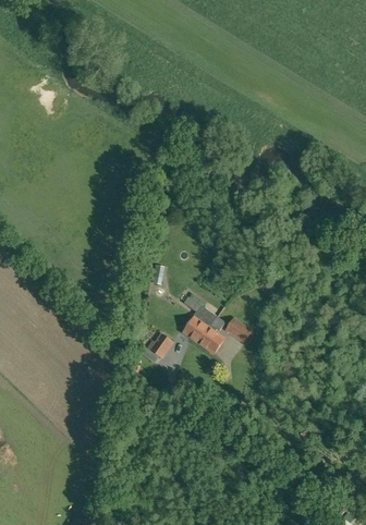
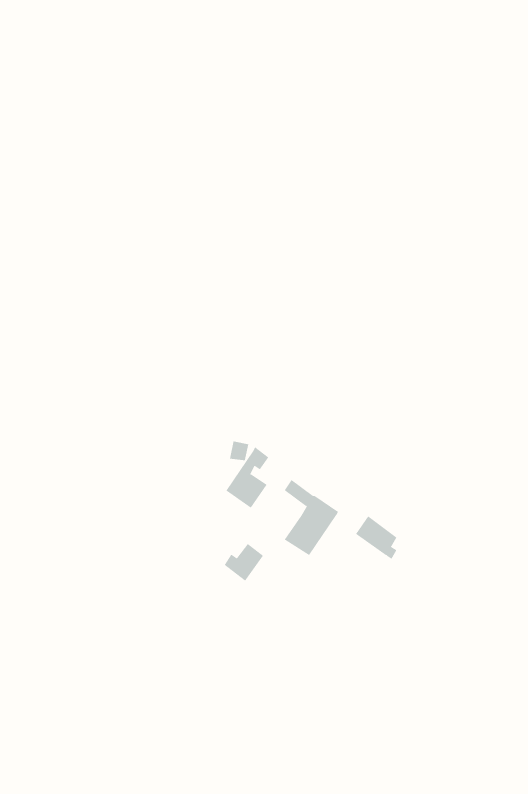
building: [199,316,225,353] -> [225,446,269,509]

